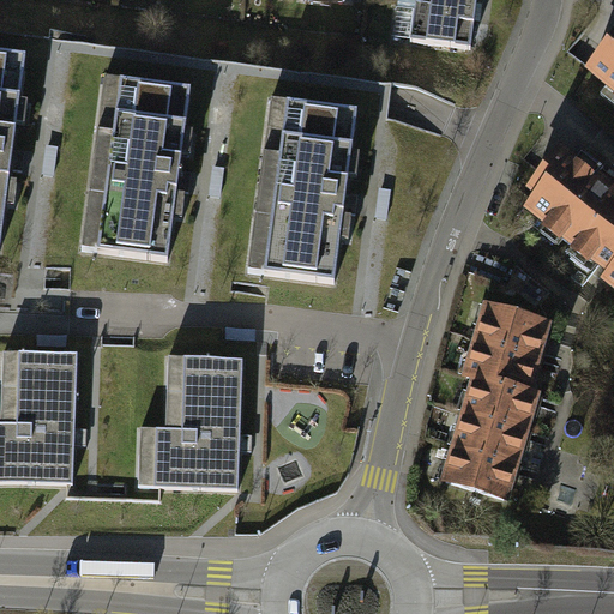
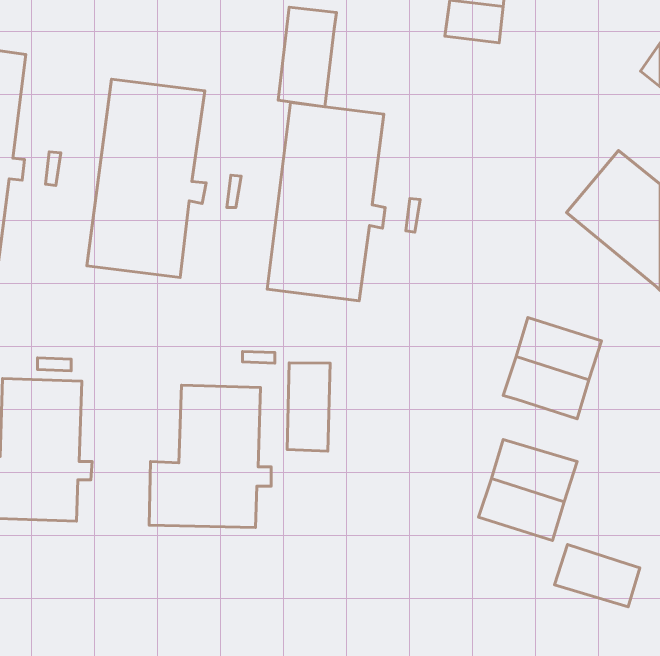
building: none -> [278,7,336,107]
building: none -> [287,363,330,451]
building: [465,369,544,427] -> [554,545,640,607]

